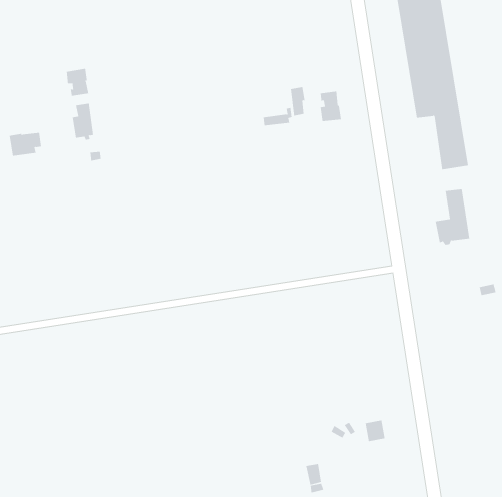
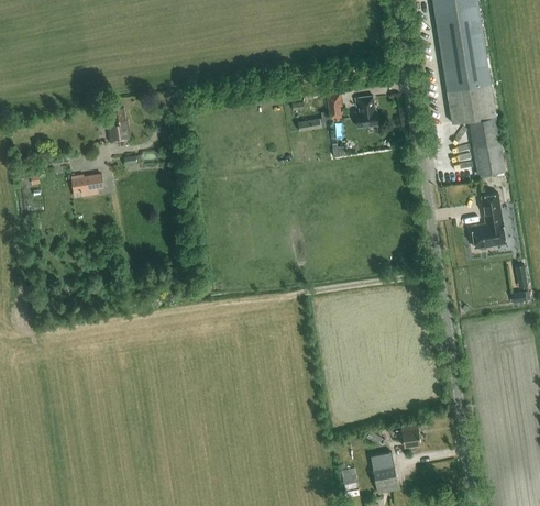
building: [66,68,89,96] -> none
building: [9,132,42,156] -> [70,173,103,197]
building: none -> [371,451,398,493]

